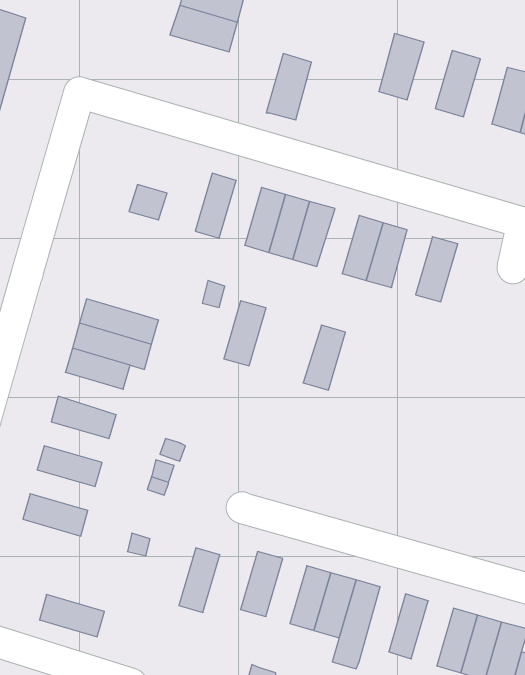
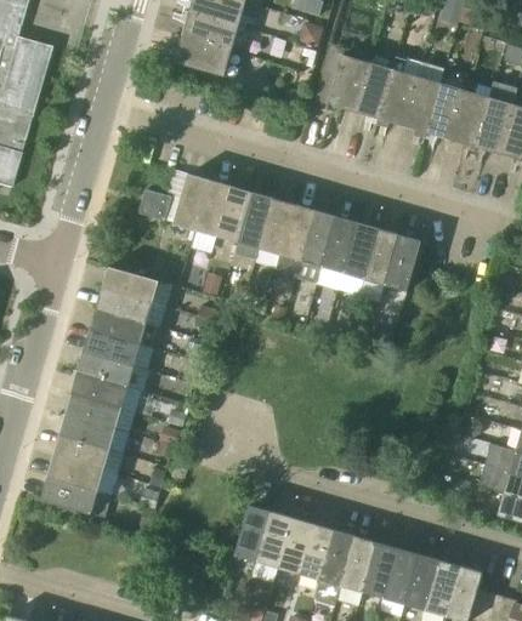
building: none -> [378,68,416,125]
building: [266,54,311,120] -> [328,53,367,110]
building: none -> [426,82,464,138]
building: none -> [174,175,210,230]
building: none -> [364,229,399,285]
building: none -> [102,267,159,303]
building: [224,301,266,366] -> [216,187,253,243]
building: [303,325,345,390] -> [300,211,336,267]
building: none -> [78,352,134,388]
building: none -> [66,394,121,429]
building: none -> [53,435,109,471]
building: [179,548,220,613] -> [256,512,291,568]
building: none -> [336,536,376,606]
building: [39,594,104,637] -> [41,478,97,514]
building: none -> [381,548,418,604]

